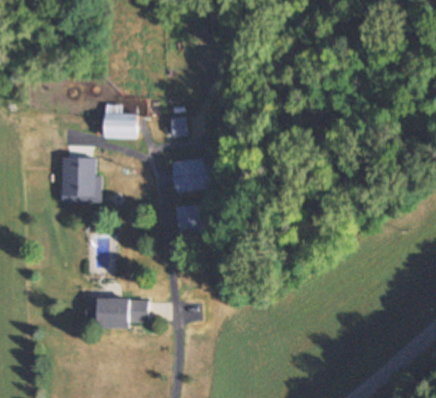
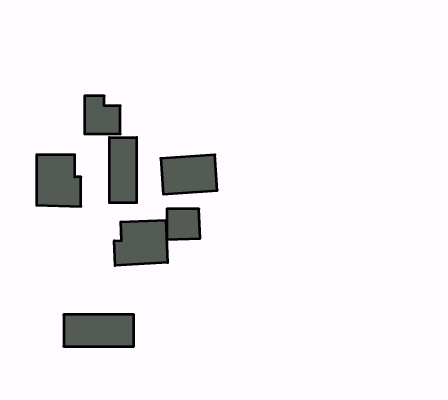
building: none -> [109,137,137,203]
building: none -> [114,220,168,266]

